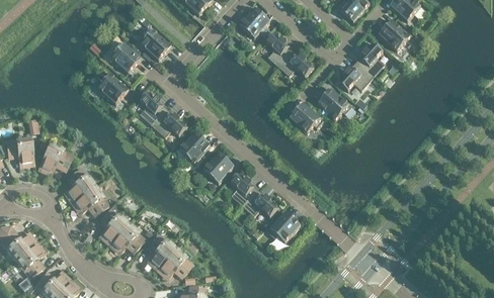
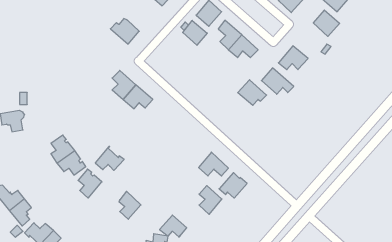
building: none -> [183,20,207,45]
building: [110,42,140,73] -> none
building: [354,42,384,77] -> none
building: [94,73,129,104] -> none
building: [179,131,210,163] -> none
building: [38,145,71,173] -> none
building: [202,153,233,183] -> none
building: [230,172,257,206] -> [199,186,222,214]
building: [110,223,145,252] -> [95,147,124,170]
building: [158,251,190,277] -> [160,215,187,237]

